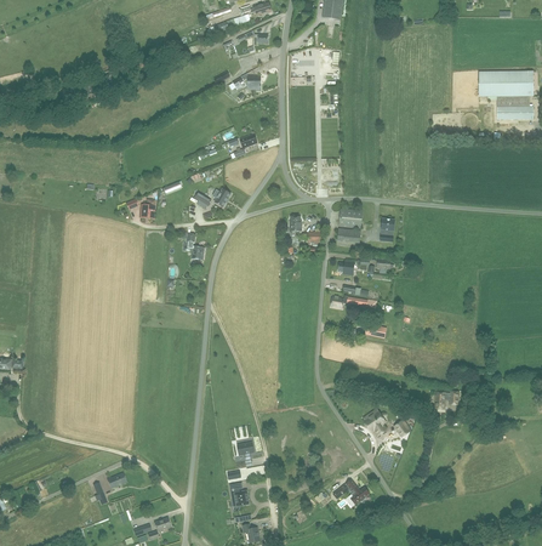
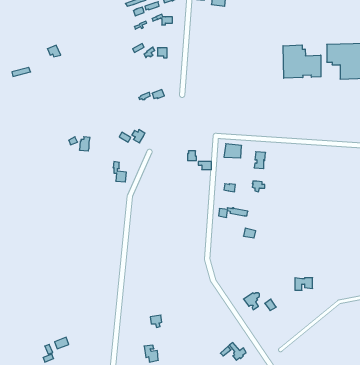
building: none -> [283,45,321,78]

